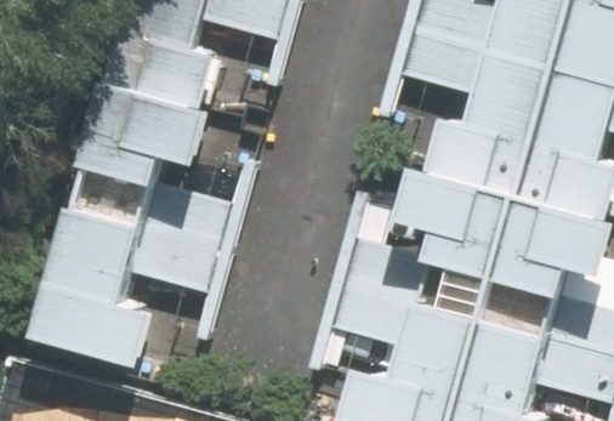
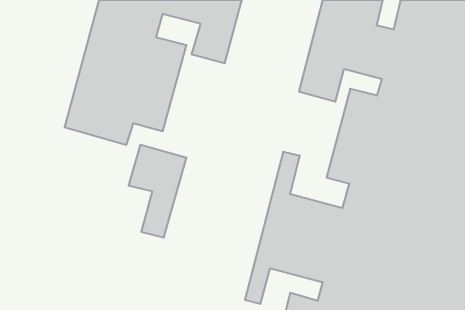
building: [35,198,166,365] -> none

